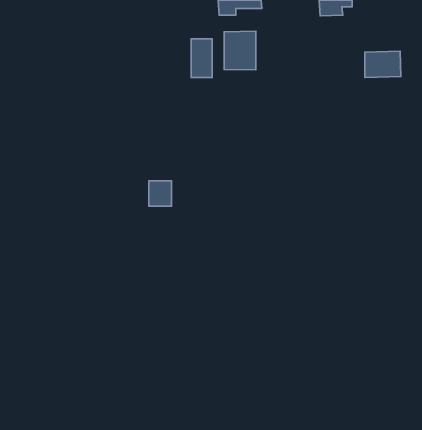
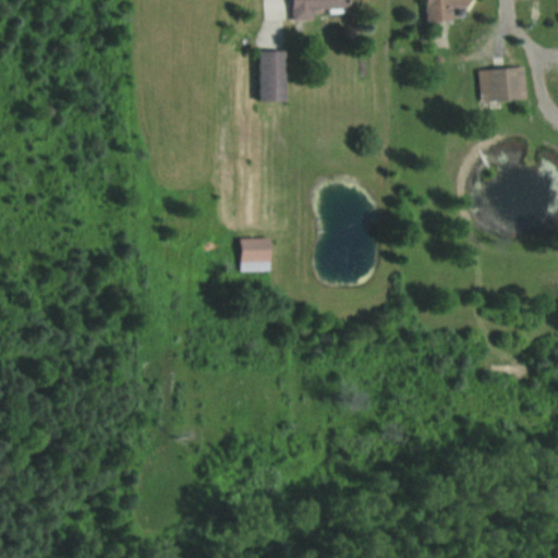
building: [224,31,256,70] -> none
building: [149,181,172,206] -> [241,239,270,271]

